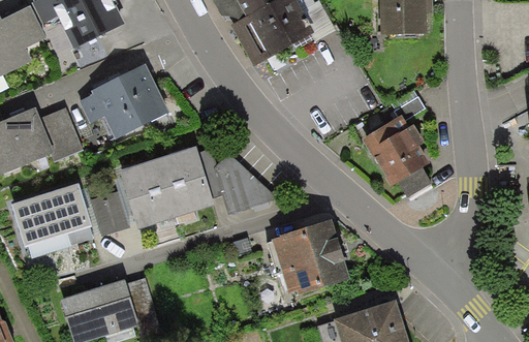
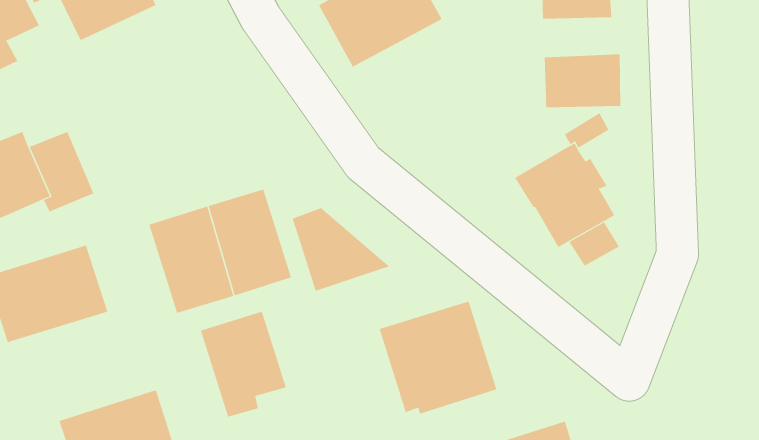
building: none -> [544,53,621,108]
building: [80,63,169,138] -> none
building: [90,191,128,235] -> none
building: none -> [200,311,287,417]

